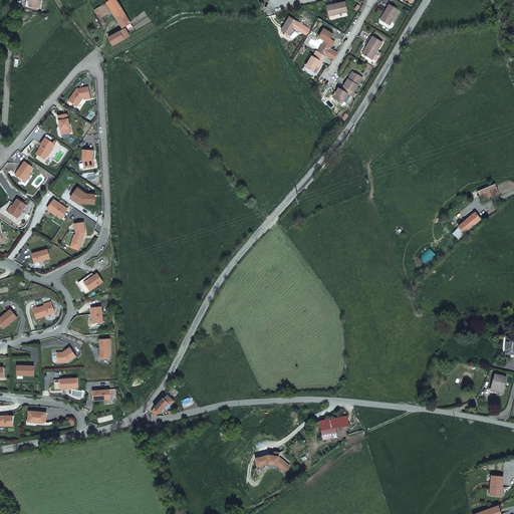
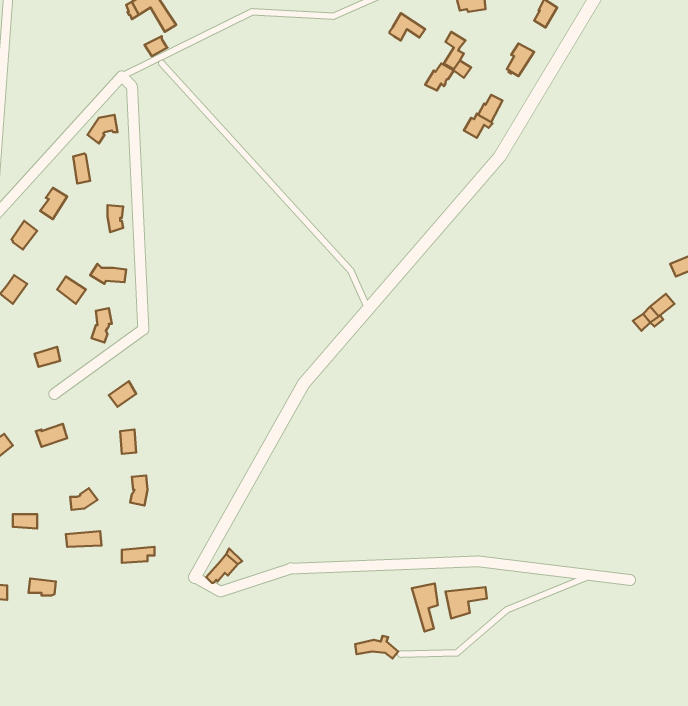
building: none -> [412,583,438,632]

